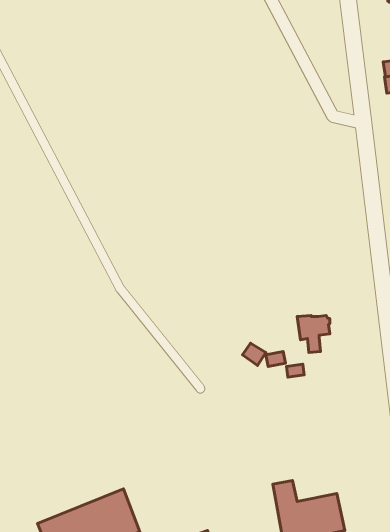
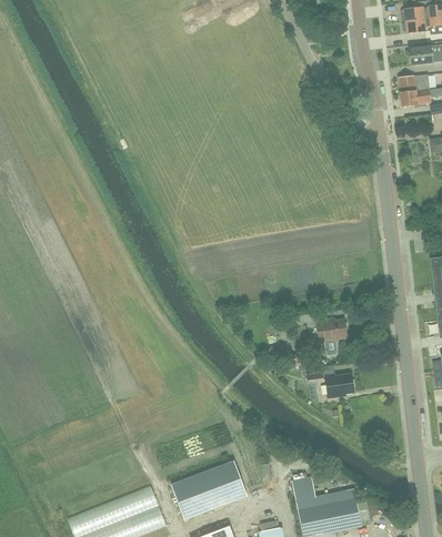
building: none -> [324,374,353,397]
building: none -> [171,462,247,519]

